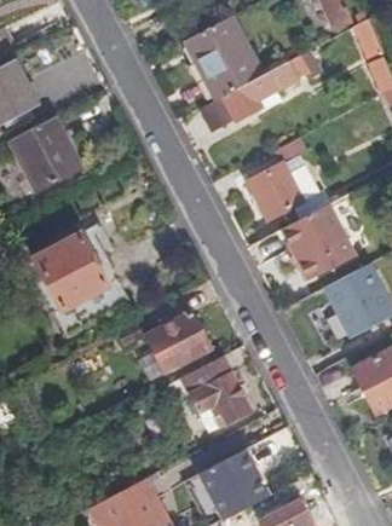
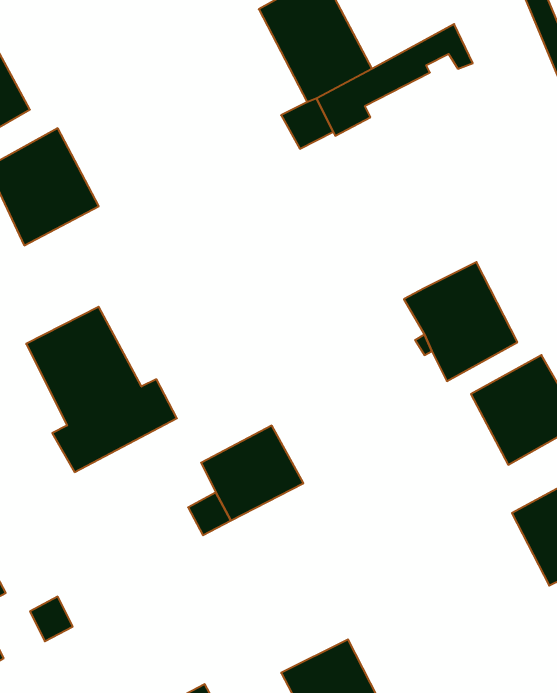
building: [247,163,318,220] -> none
building: [180,356,249,421] -> none

